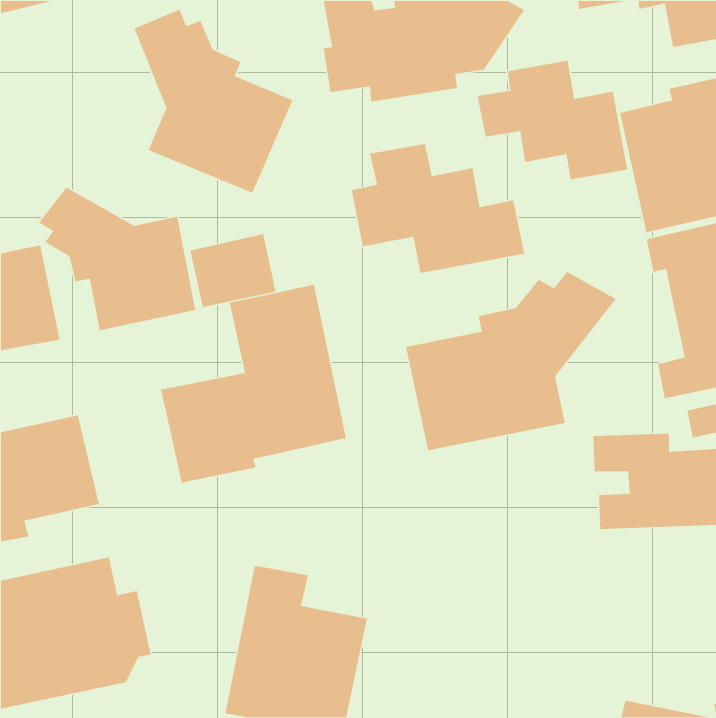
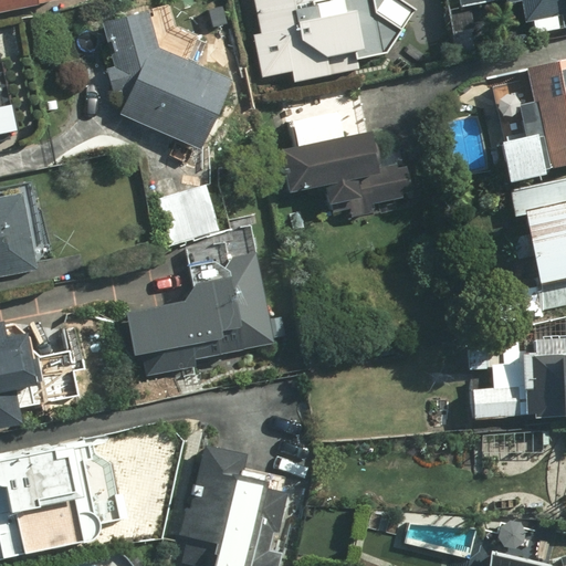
building: [477,60,628,180] -> none
building: [38,187,196,331] -> none
building: [405,271,617,451] -> none

